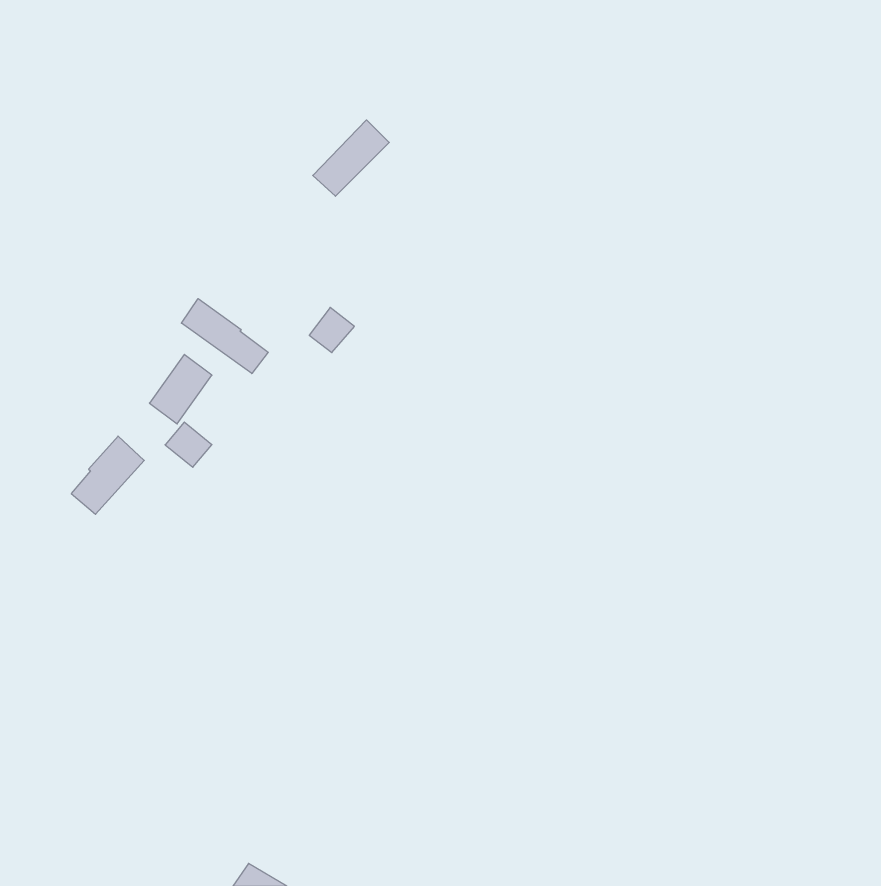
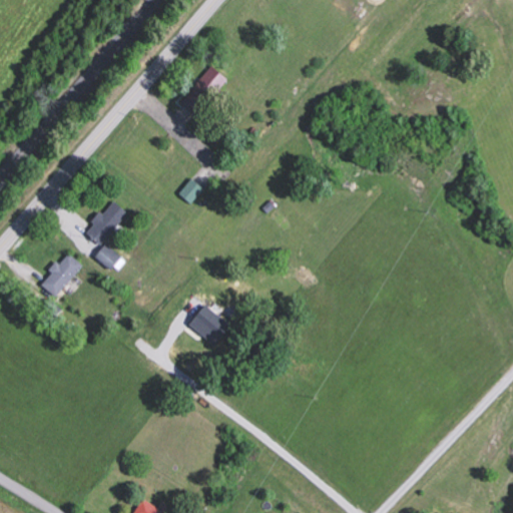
building: [181,299,268,374] -> none
building: none -> [190,306,229,341]

